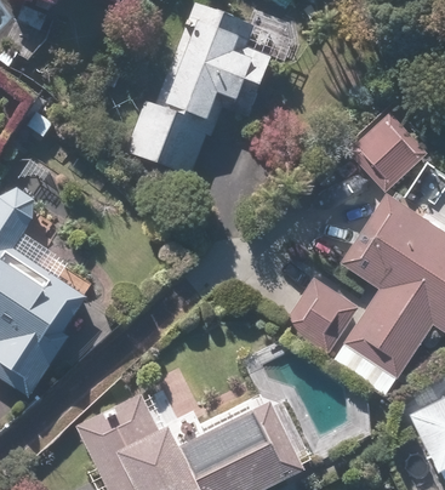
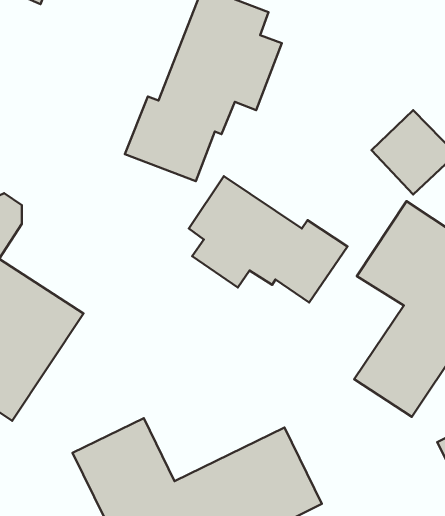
building: none -> [189,176,347,302]
building: [290,279,358,343] -> none

